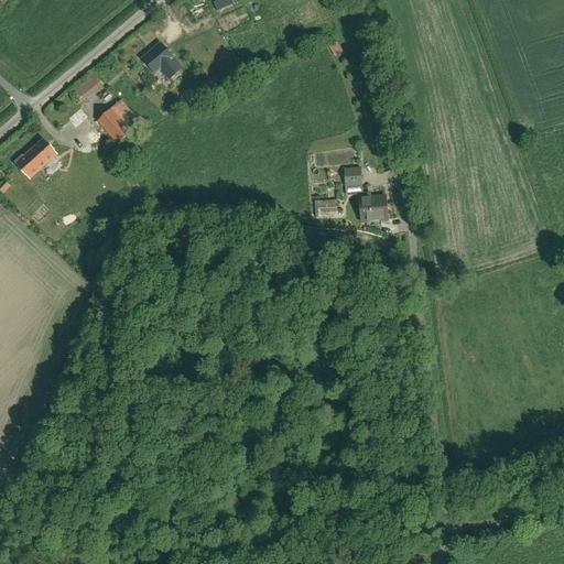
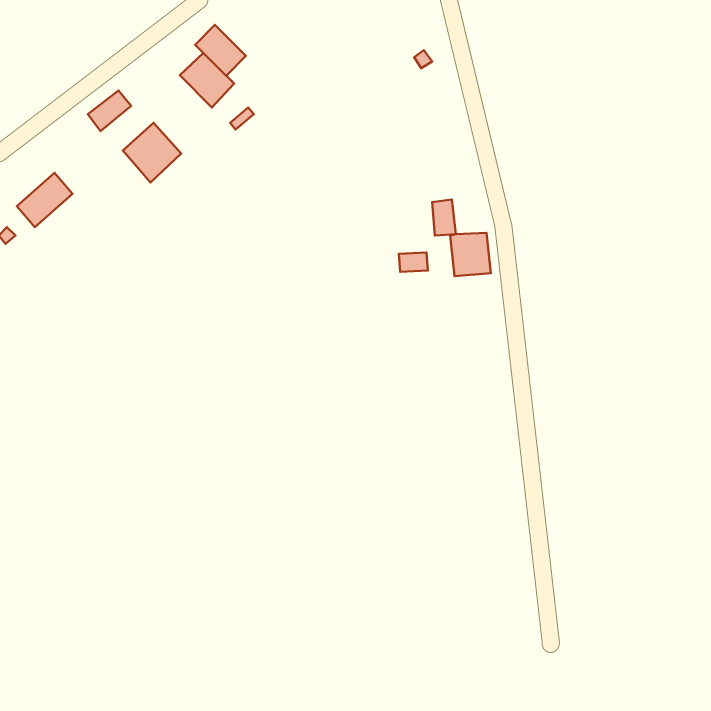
building: none -> [195,25,246,76]

